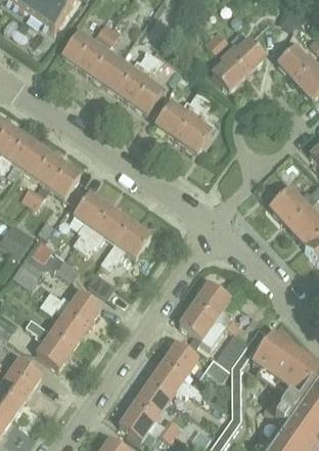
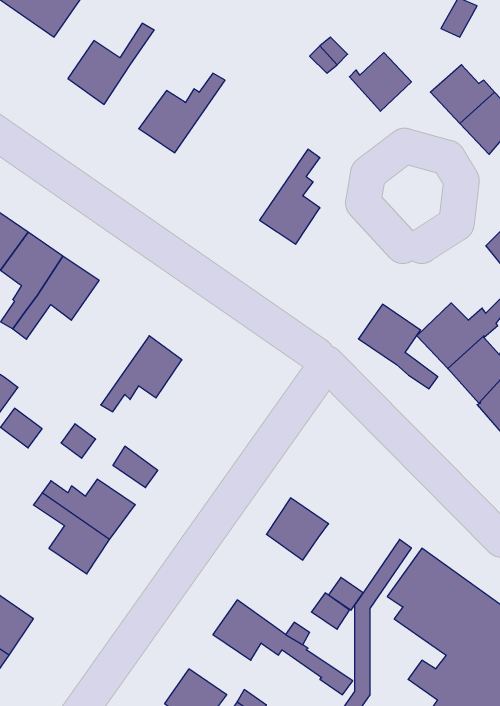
building: [83,24,120,82] -> none
building: [212,51,246,89] -> none
building: [125,53,162,111] -> none
building: [154,89,203,136] -> none
building: [73,190,109,245] -> none
building: [100,219,150,266] -> none
building: [193,280,240,330] -> [358,304,438,389]
building: [26,317,73,367] -> none
building: [162,341,198,376] -> none
building: [133,381,170,417] -> none

